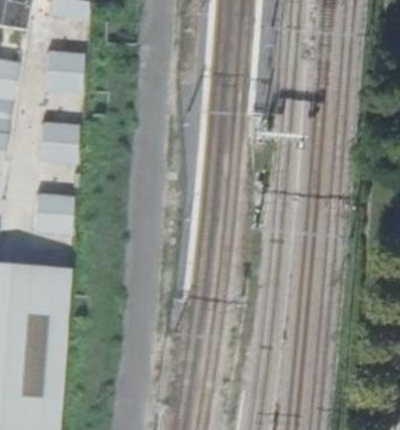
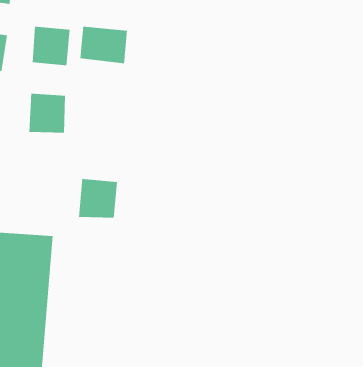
building: none -> [80,26,128,64]
building: [33,192,75,234] -> [78,178,118,218]

